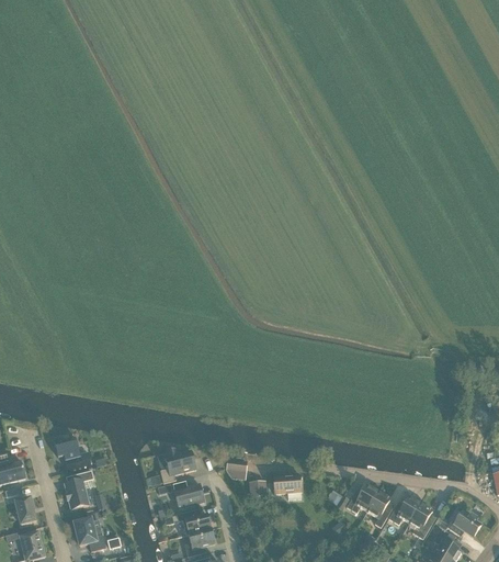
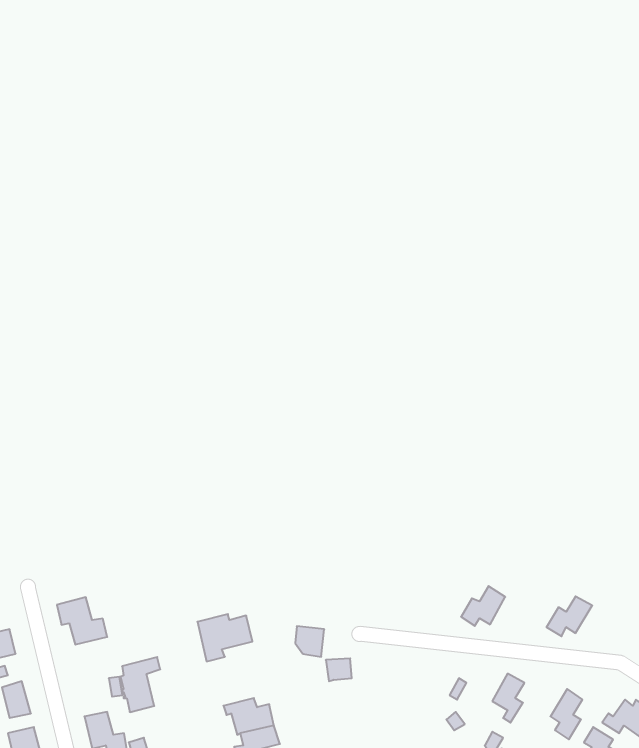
building: [65,470,93,509] -> [121,657,160,712]
building: [273,475,302,498] -> none
building: [172,480,204,507] -> none
building: [347,484,378,513] -> [461,586,505,626]
building: [388,496,421,525] -> [546,596,592,636]

